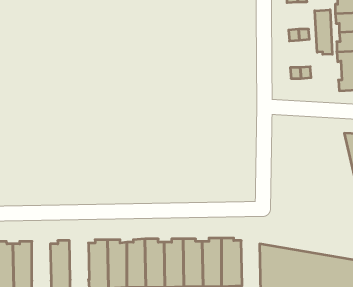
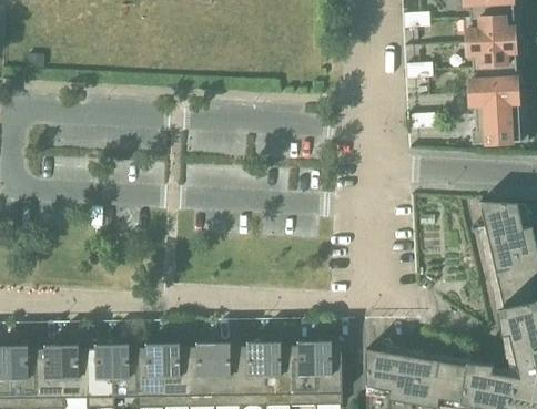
building: [315,10,332,54] -> none
building: none -> [61,345,87,398]
building: none -> [111,345,138,397]

